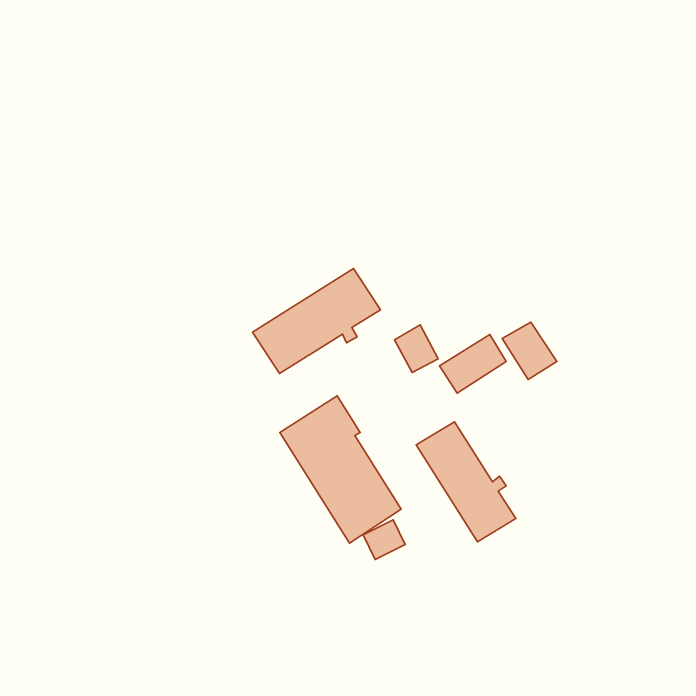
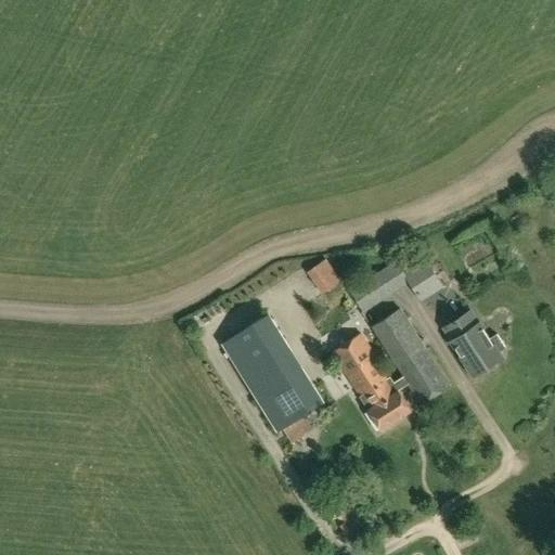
building: [252,269,381,374] -> none
building: none -> [372,308,447,402]
building: none -> [442,310,504,375]

